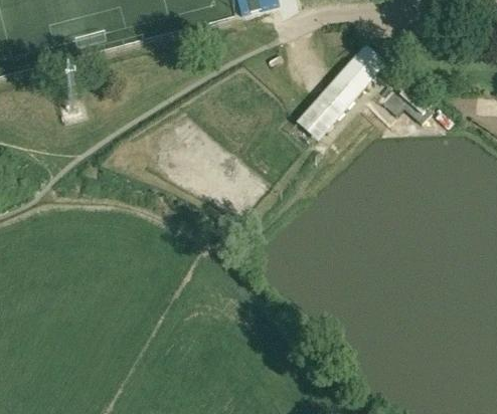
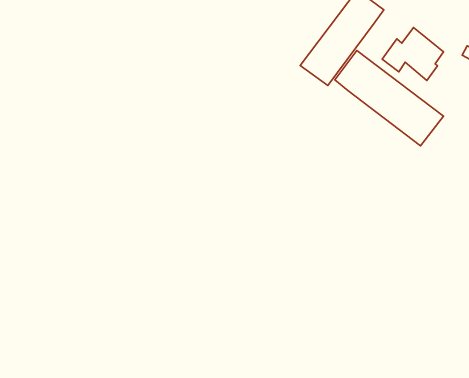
building: none -> [335,51,444,146]

